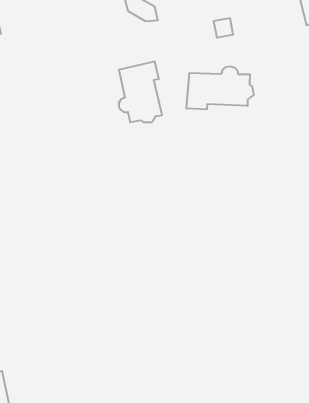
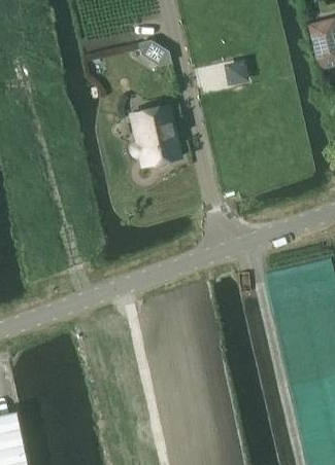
building: [187,66,254,109] -> none

